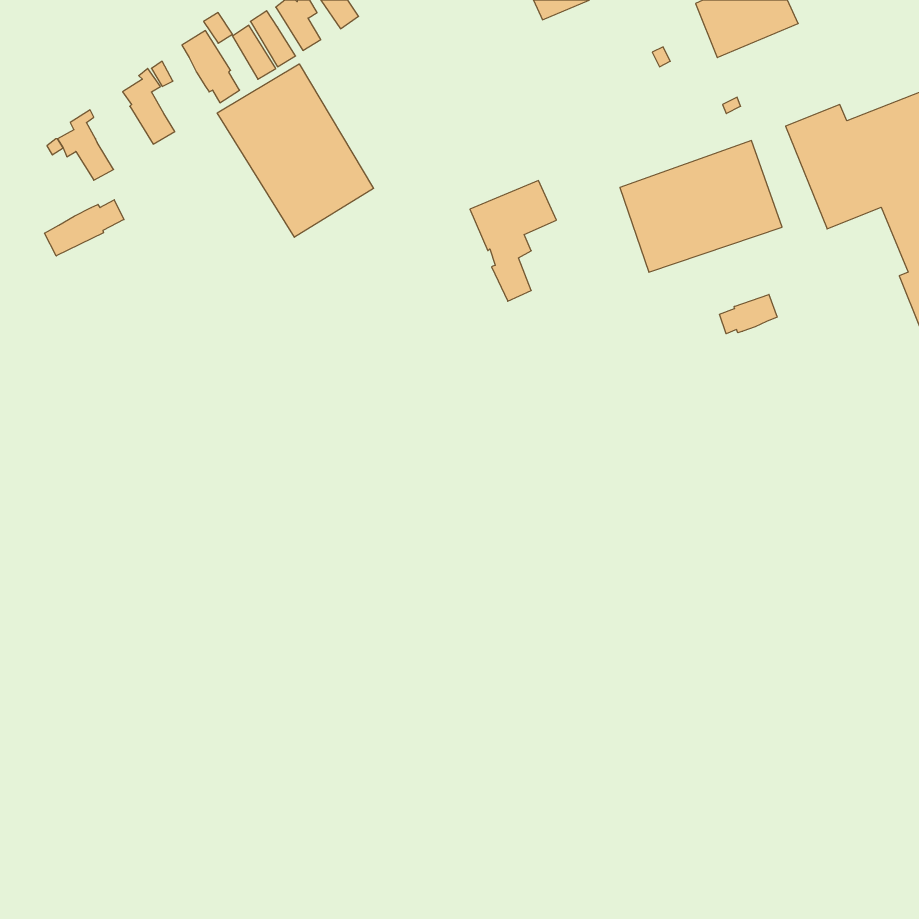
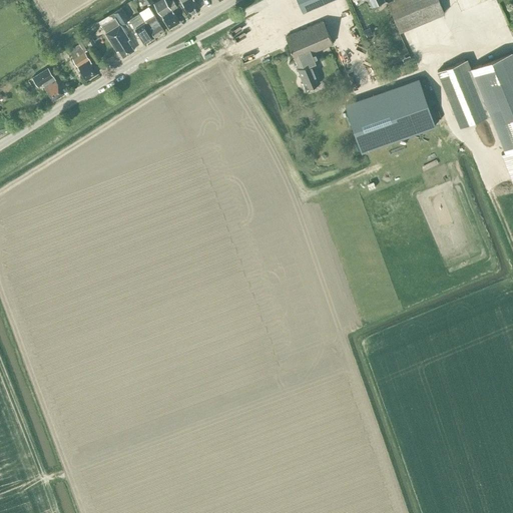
building: [217,64,374,237] -> none
building: [470,181,556,301] -> [286,22,334,89]
building: [45,200,124,256] -> none
building: [719,294,777,334] -> none

